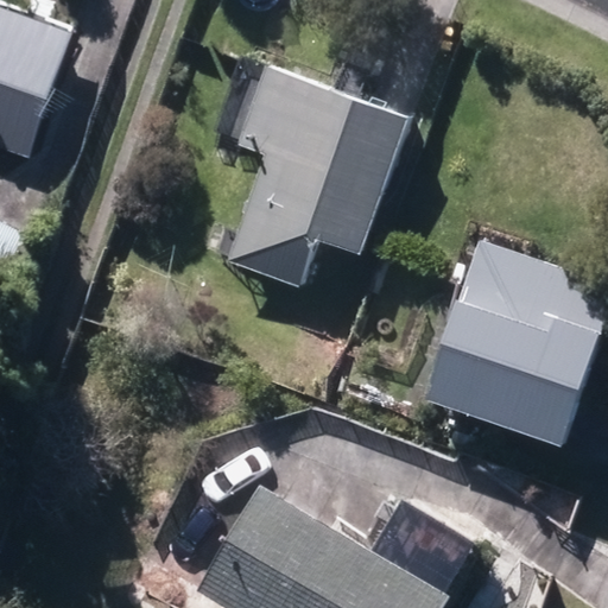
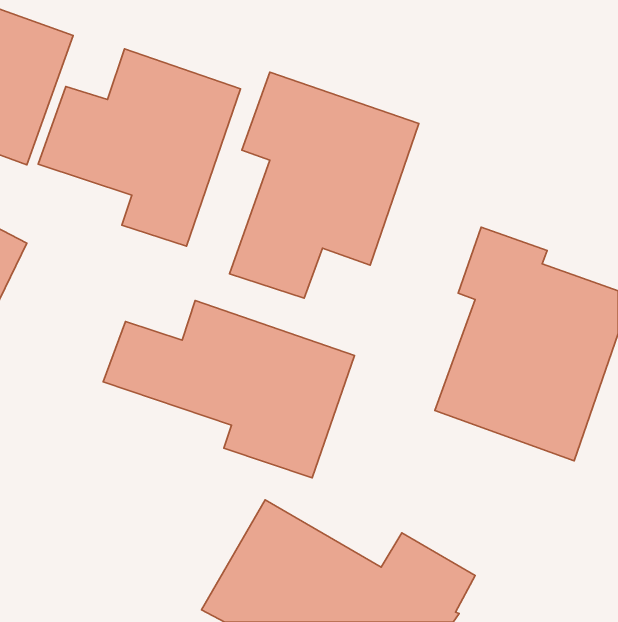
building: none -> [38,49,240,246]
building: none -> [103,301,354,478]

